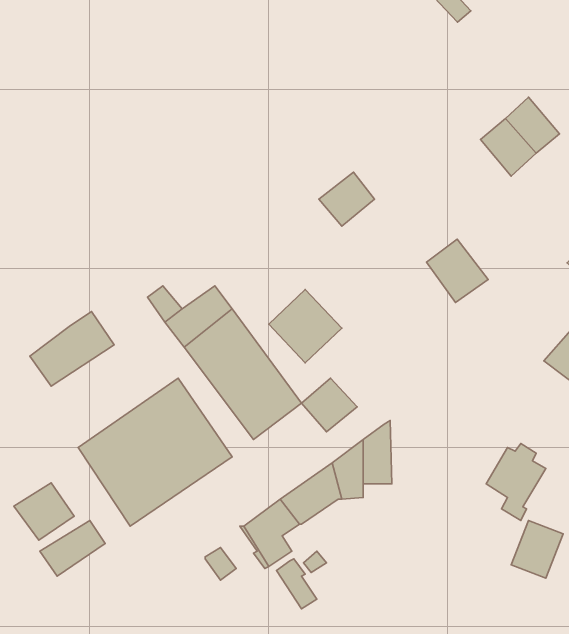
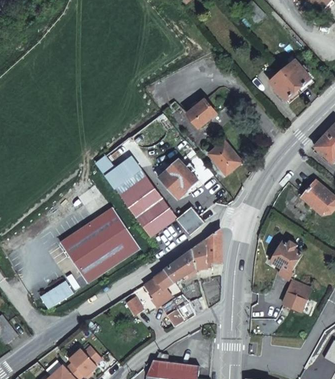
building: [427,239,488,303] -> [209,141,241,174]
building: [30,311,114,386] -> none
building: [14,483,74,540] -> none

